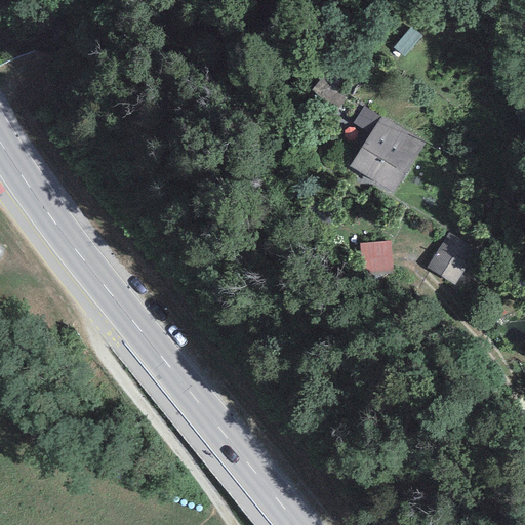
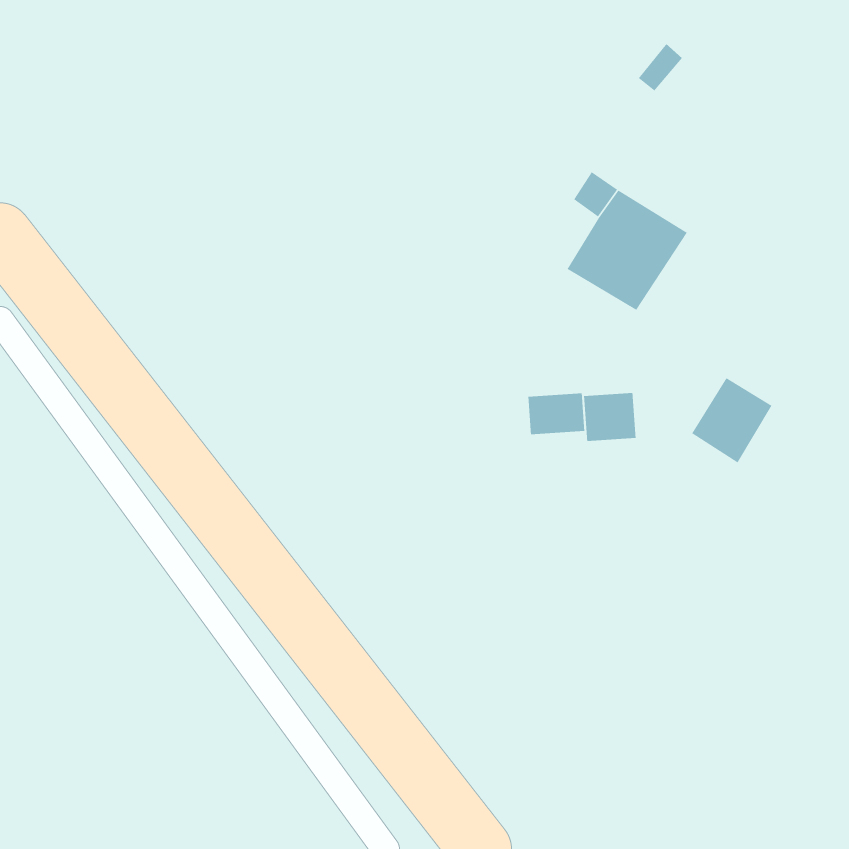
building: none -> [528,393,585,435]

